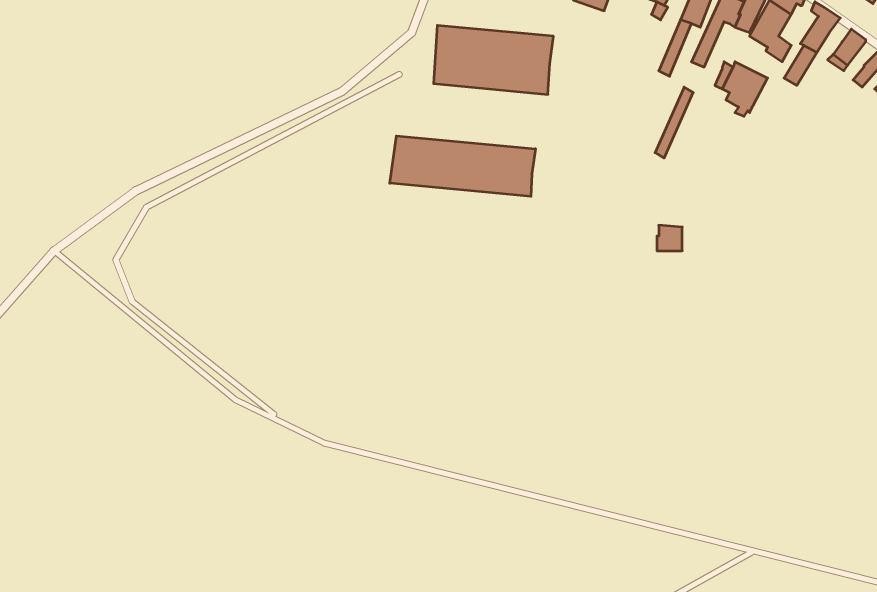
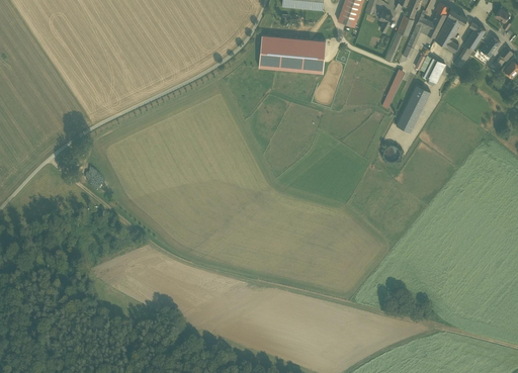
building: none -> [396,85,430,132]
building: [390,136,535,196] -> none

